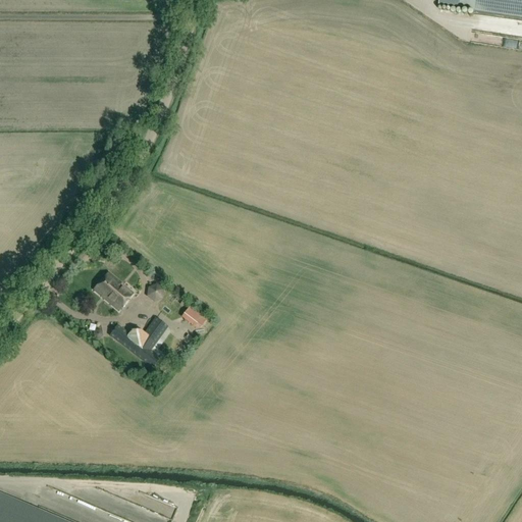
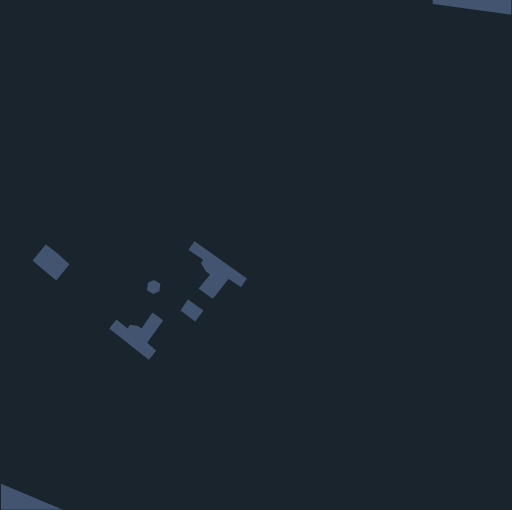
building: none -> [188,240,248,300]
building: [94,271,134,310] -> [32,243,71,281]

